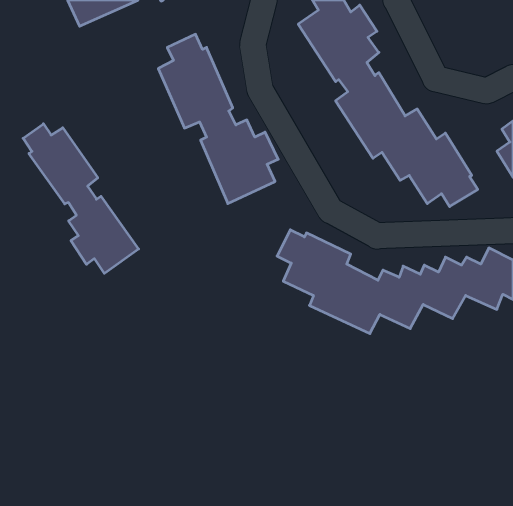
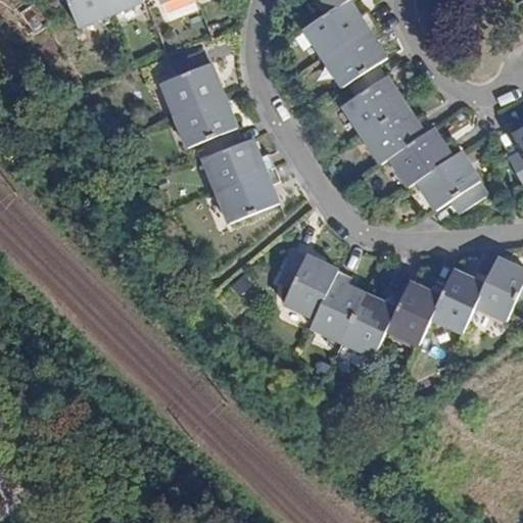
building: [23,124,139,273] -> none

